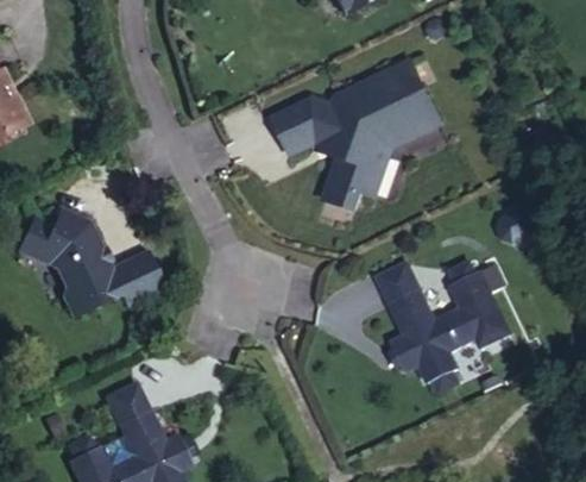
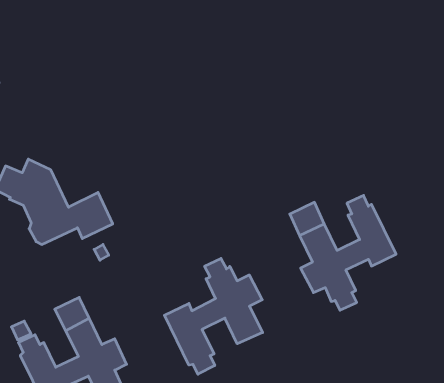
building: [273,60,441,209] -> none
building: none -> [164,258,263,374]

